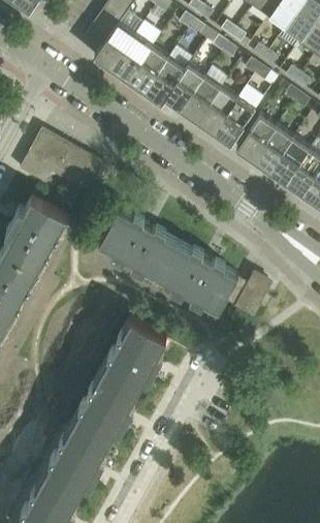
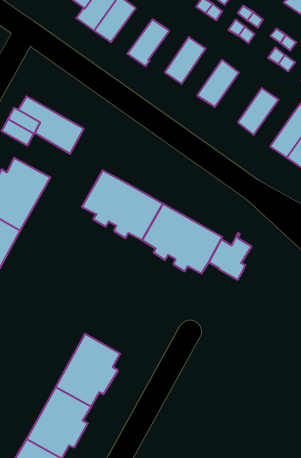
building: [127,48,168,93] -> none
building: [164,65,204,112] -> none
building: [197,88,237,134] -> none
building: [235,115,277,161] -> none
building: [268,139,310,185] -> none
building: [101,318,166,391] -> none

